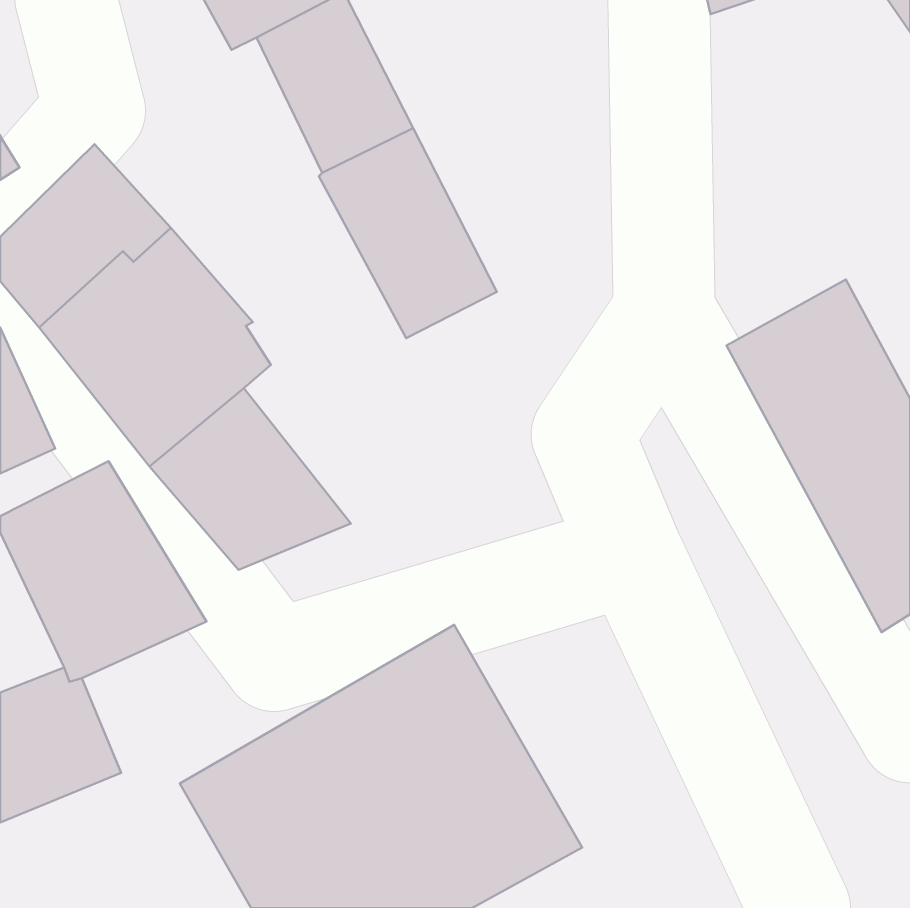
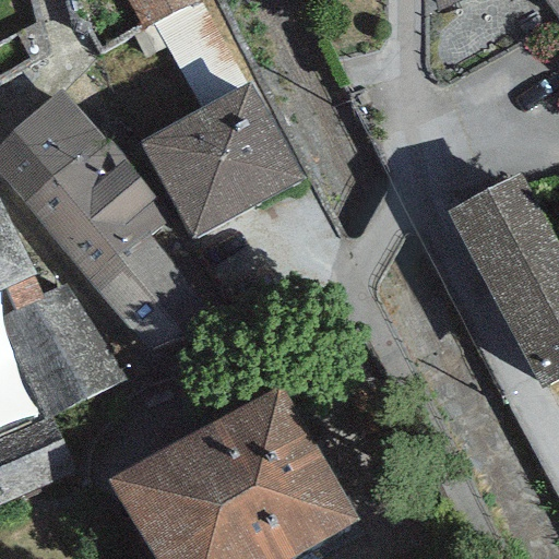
building: none -> [139,108,249,239]

